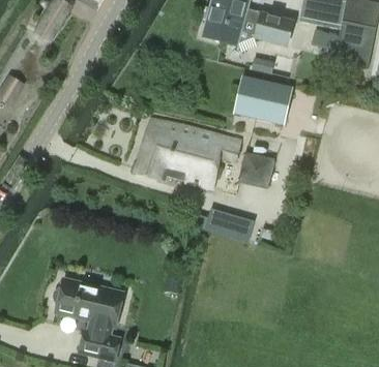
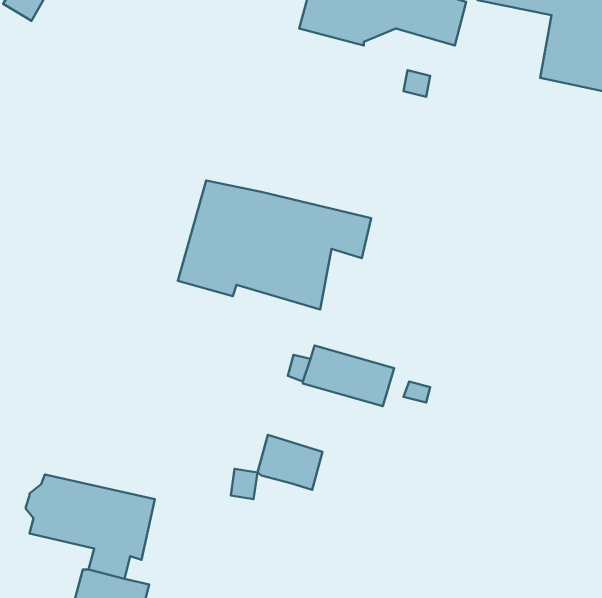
building: [235,75,292,124] -> none
building: [241,151,276,185] -> none
building: none -> [257,435,323,490]

